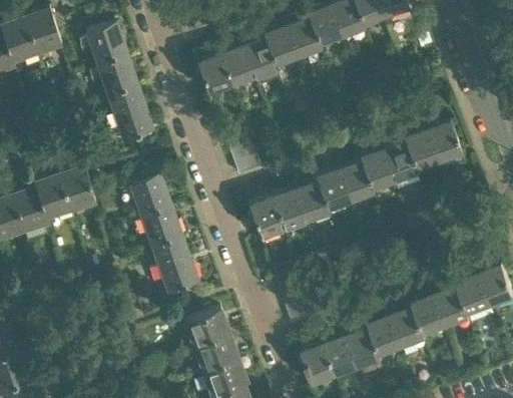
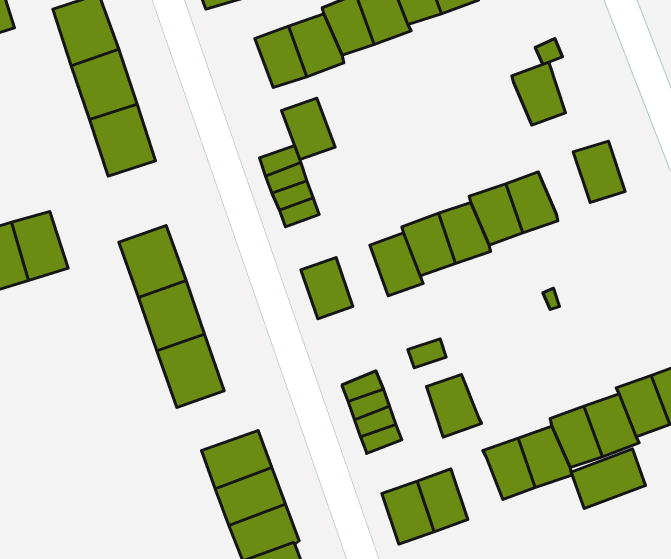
building: [196,54,231,94] -> [282,98,335,159]
building: [404,128,439,169] -> [512,62,566,125]
building: [273,189,307,230] -> none
building: none -> [571,449,646,509]
building: [348,328,384,369] -> [426,374,481,437]

